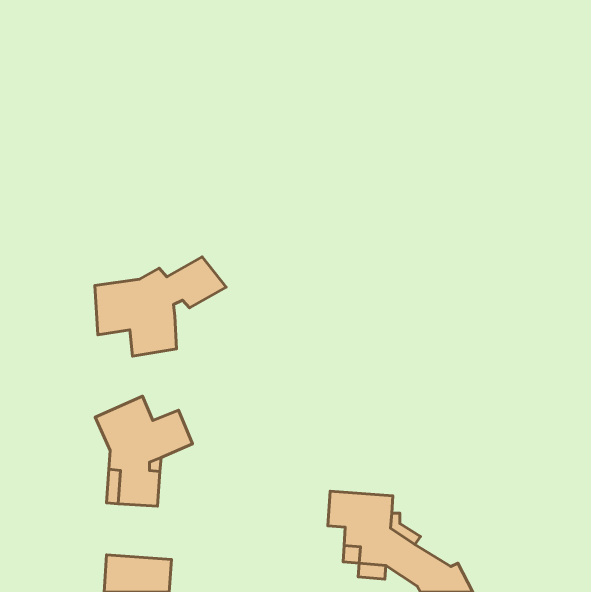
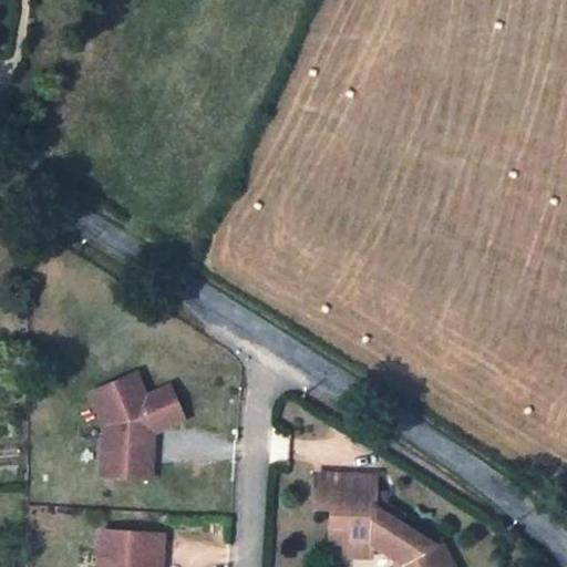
building: [95,257,226,356] -> none

